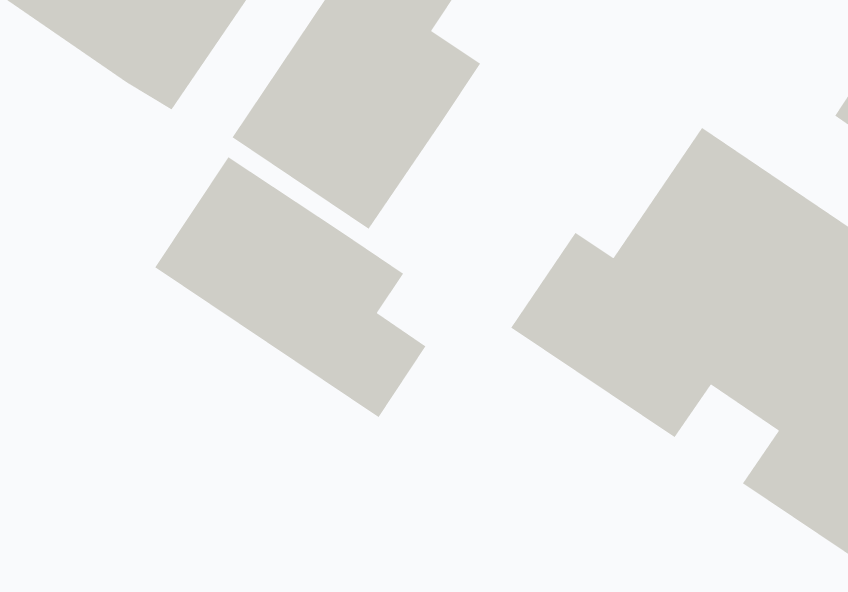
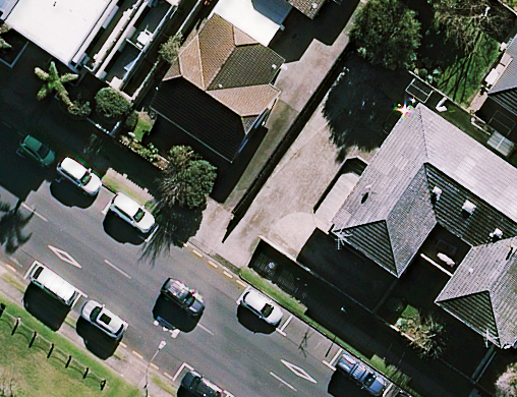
building: [154,156,427,418] -> none

